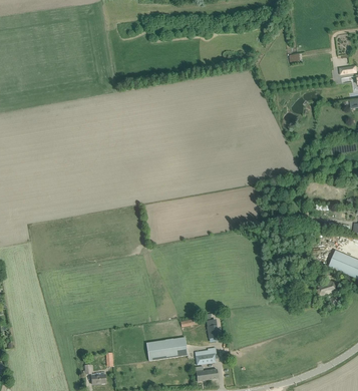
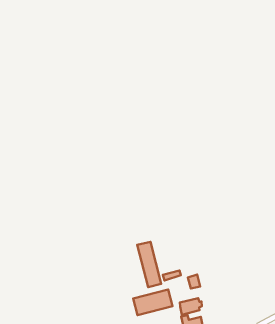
building: none -> [137,242,161,287]

